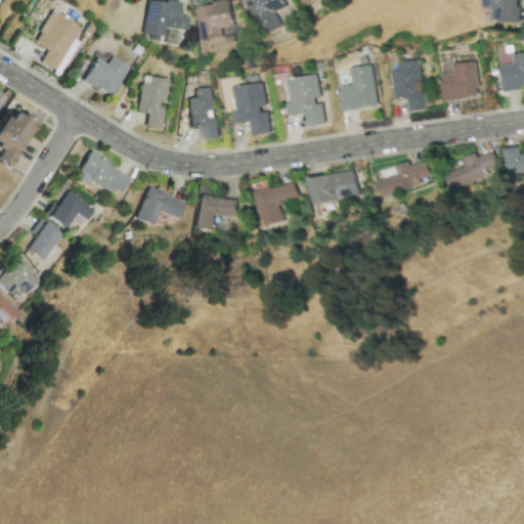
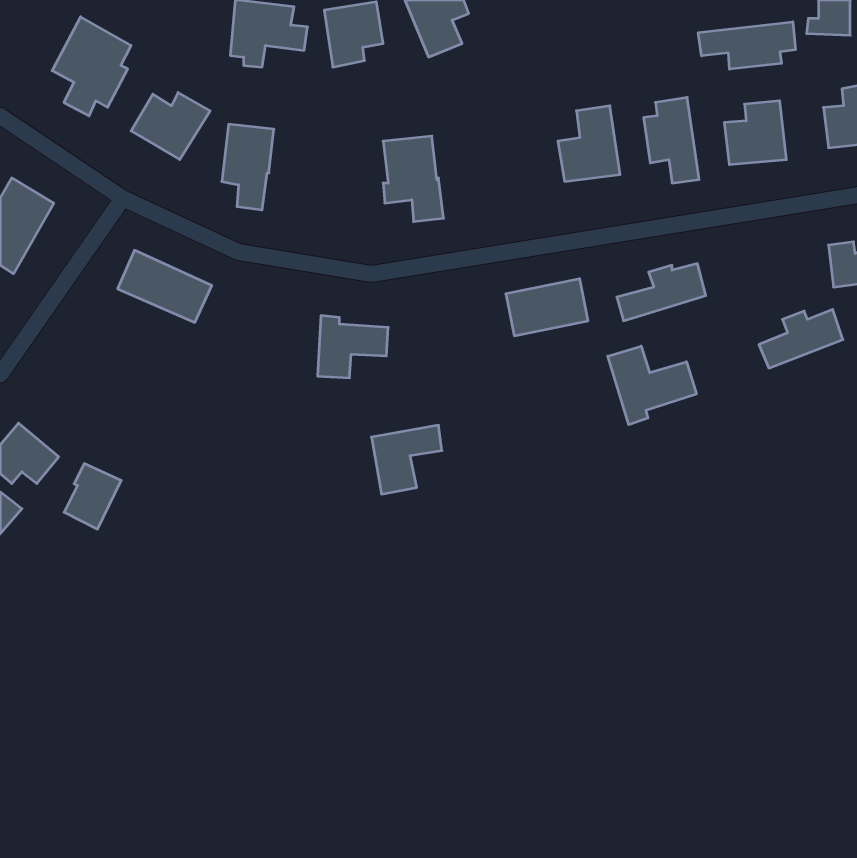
building: none -> [698,22,795,69]
building: [288,75,325,127] -> none
building: [186,88,218,139] -> none
building: [449,151,500,187] -> [759,309,843,368]
building: [256,184,299,226] -> [371,425,442,494]
building: [133,188,184,225] -> none
building: [42,191,92,228] -> none
building: none -> [608,346,696,425]
building: [24,221,58,261] -> [64,464,121,529]

